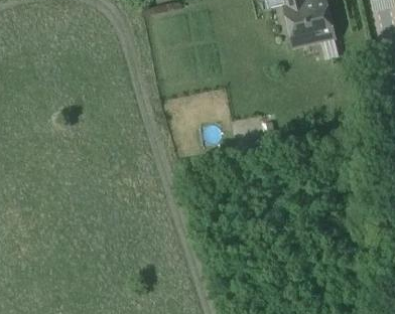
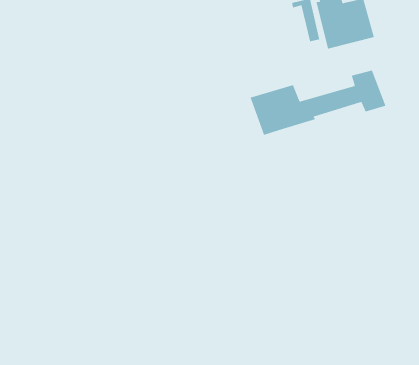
building: none -> [249,70,386,136]

